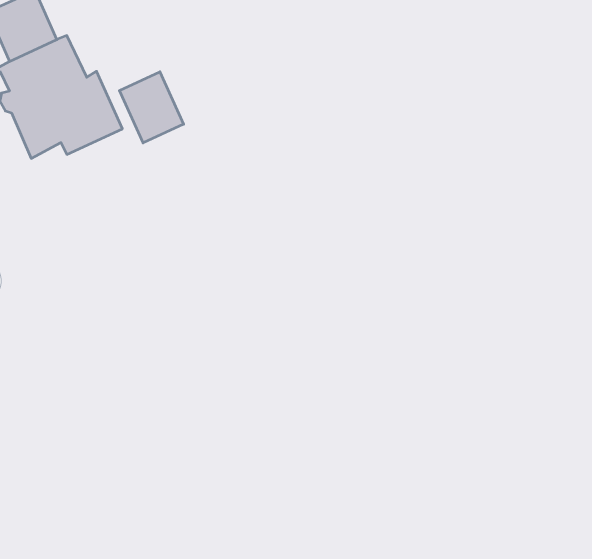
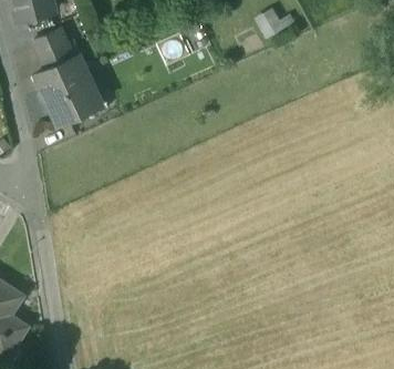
building: [119,72,184,143] -> none

